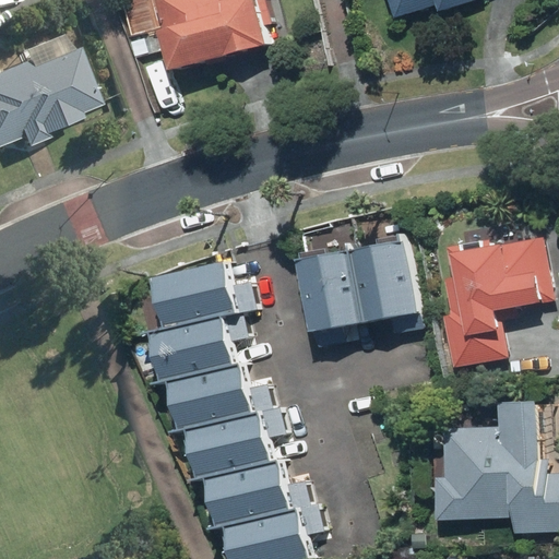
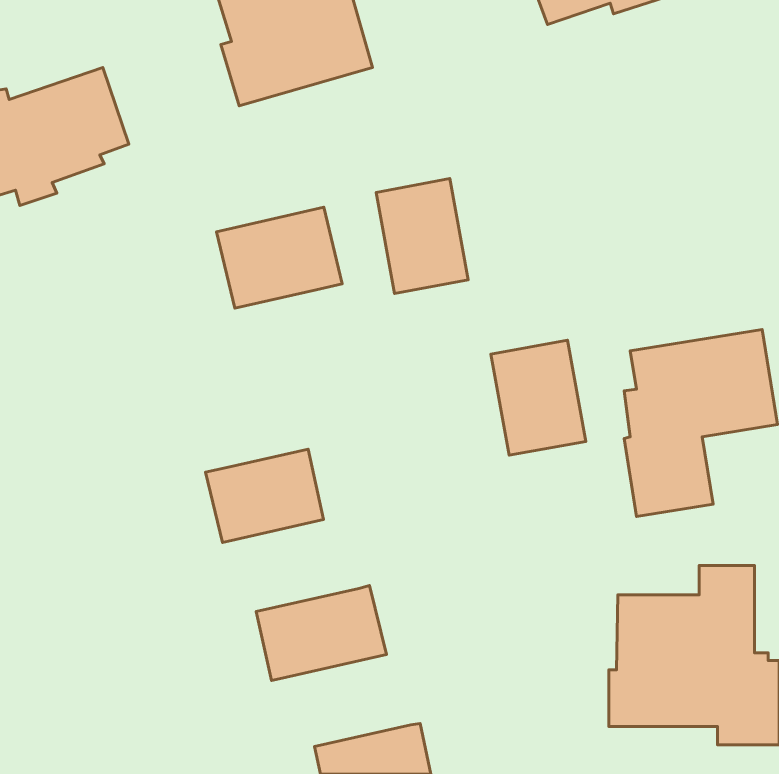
building: [297,252,362,334] -> [376,179,468,293]
building: [148,261,238,333] -> [216,207,342,308]
building: [163,367,255,437] -> none
building: [199,464,293,535] -> none

